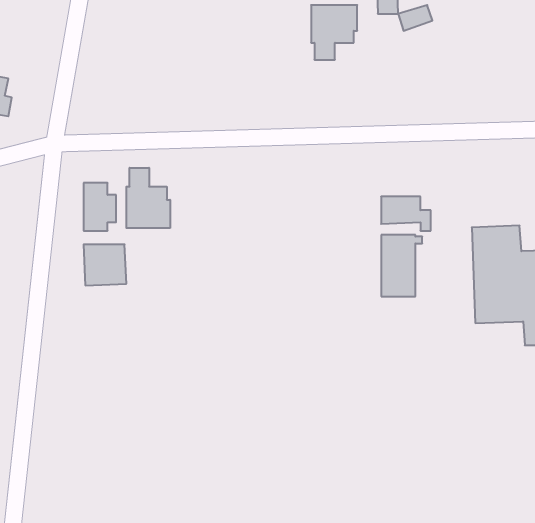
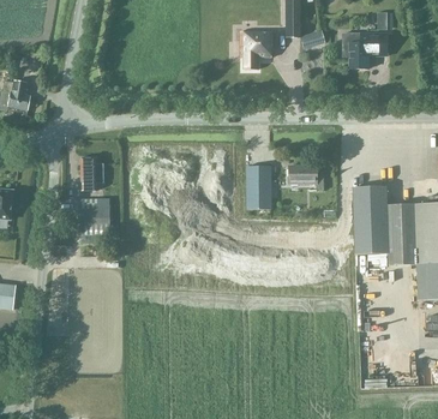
building: none -> [343,32,388,67]
building: [126,168,170,228] -> none
building: [381,235,422,296] -> [247,164,276,208]

